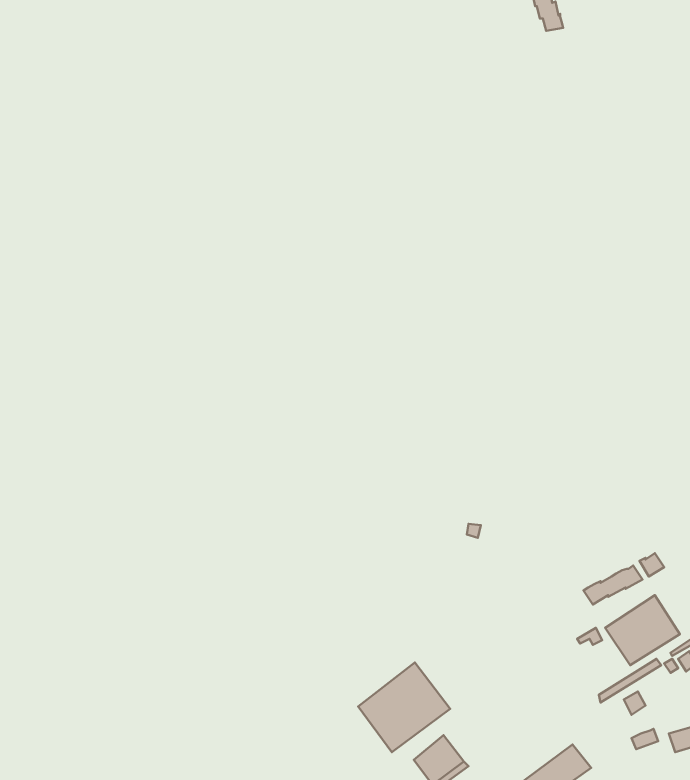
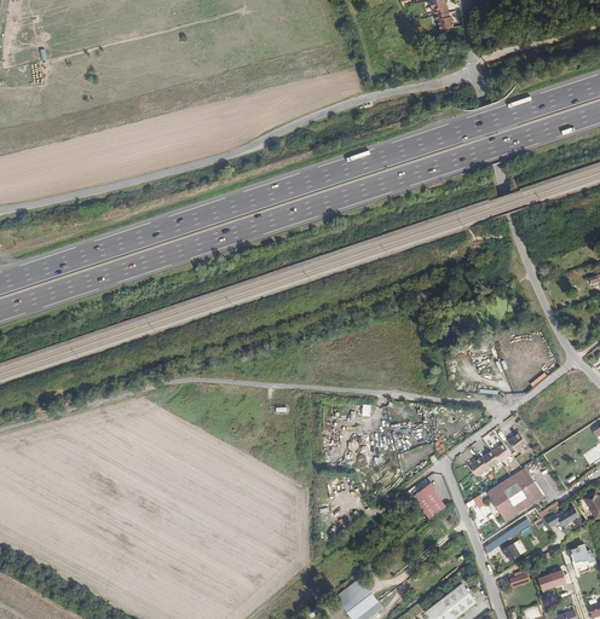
building: none -> [410,484,444,519]
building: [358,662,450,752] -> none

